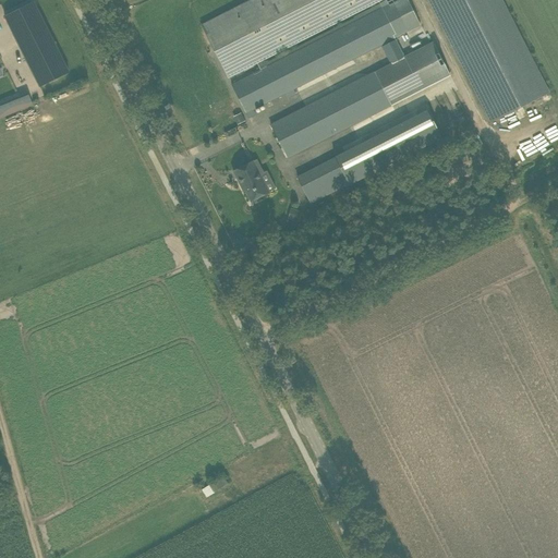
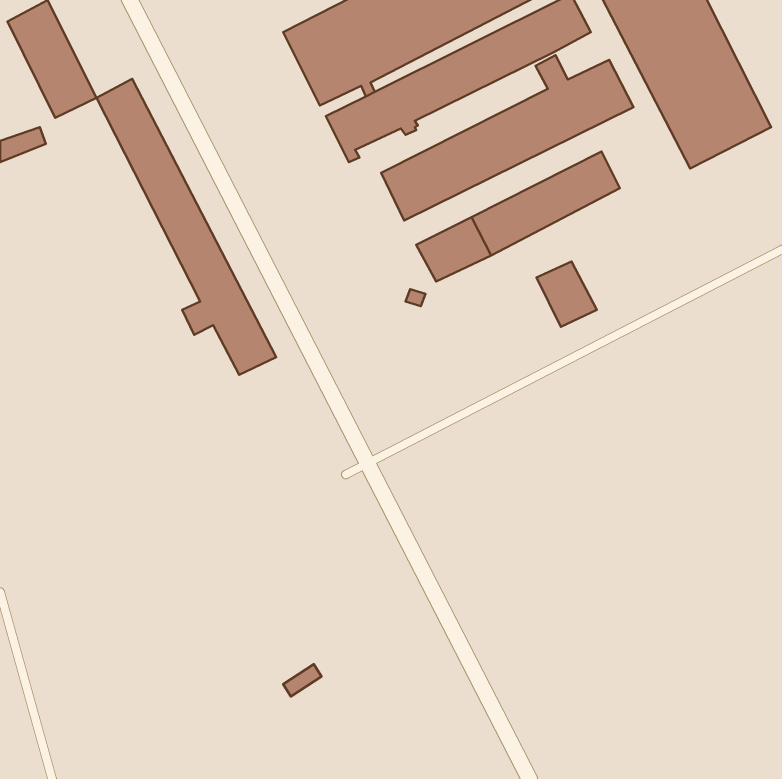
building: none -> [96,79,276,375]
building: [233,159,269,199] -> none
building: none -> [536,262,597,327]

